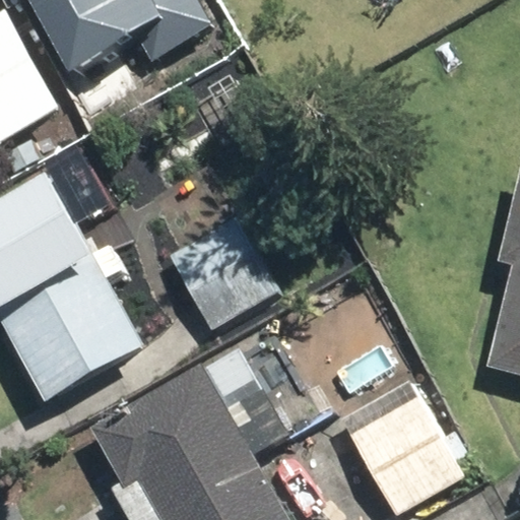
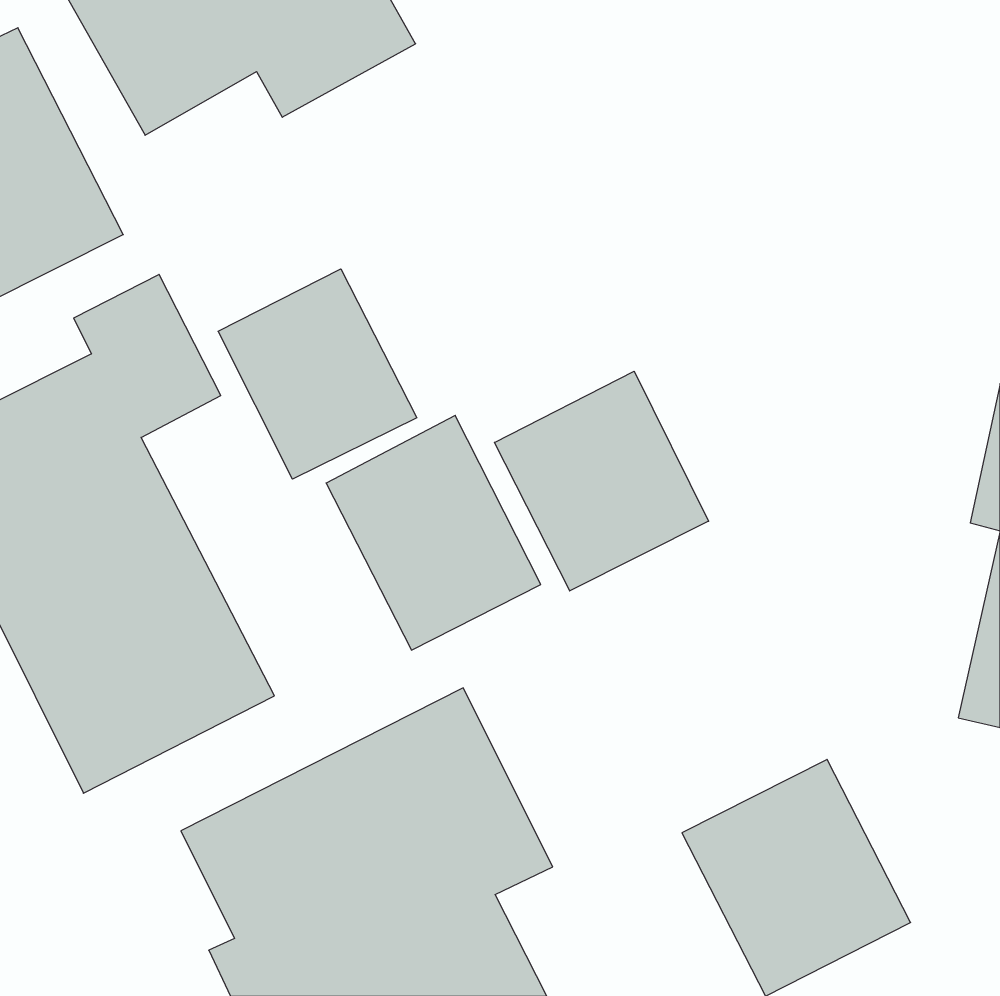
building: none -> [218,269,417,479]
building: none -> [494,371,709,591]

